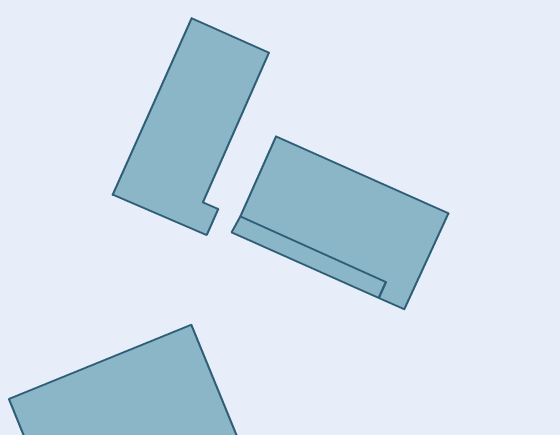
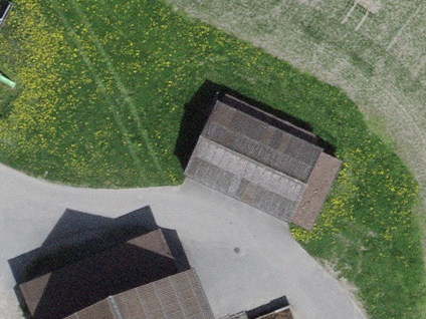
building: [113,18,269,235] -> none

